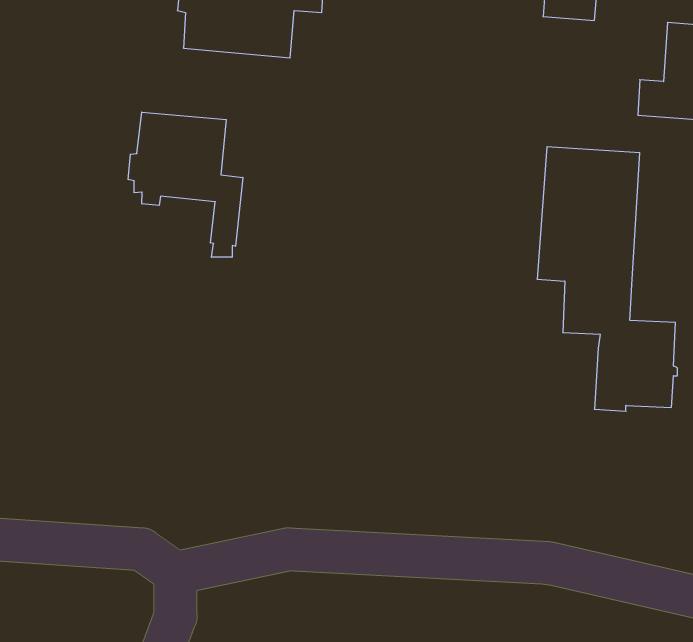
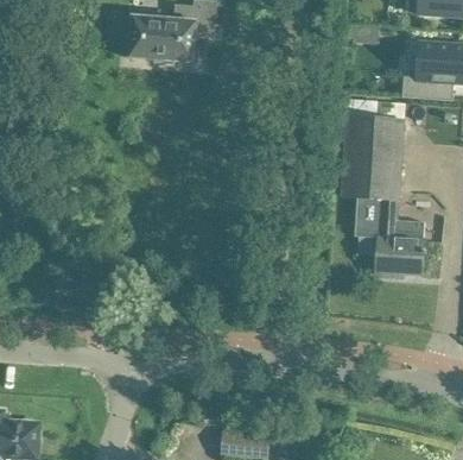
building: [128,112,243,257] -> none

